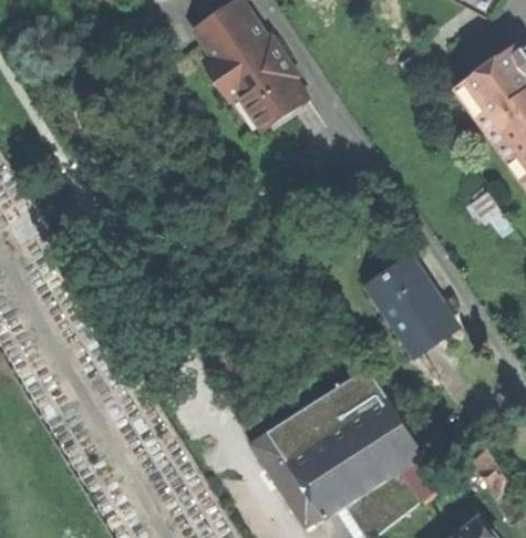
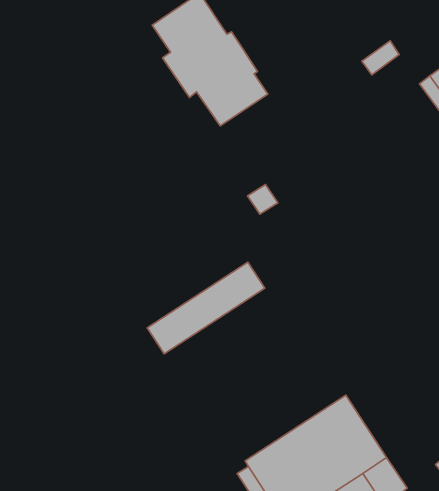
building: [372,260,455,353] -> none
building: [268,366,383,456] -> [147,262,265,354]

